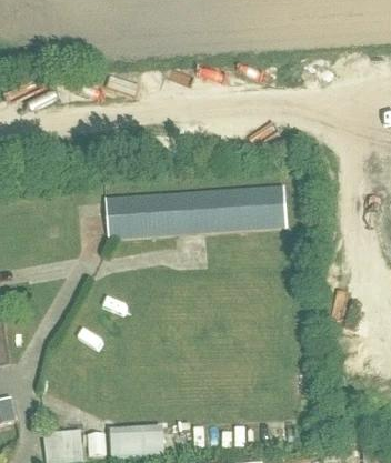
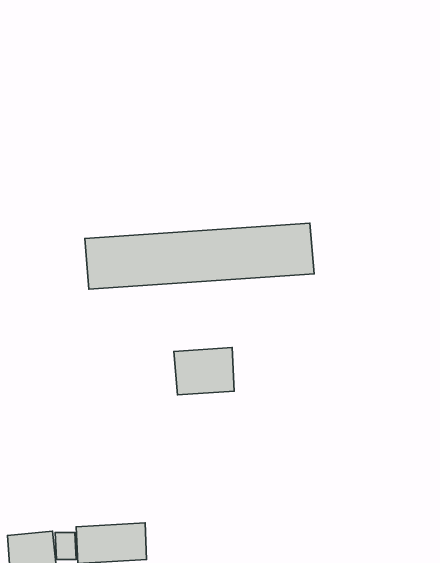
building: none -> [174,347,234,395]

